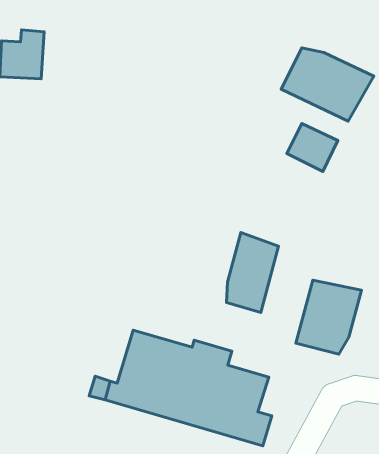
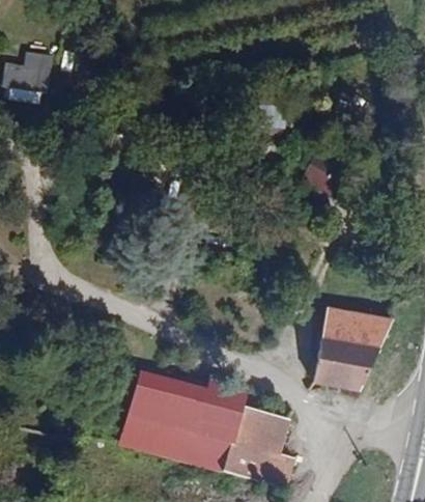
building: [281,48,374,121] -> none
building: [226,232,279,312] -> none

